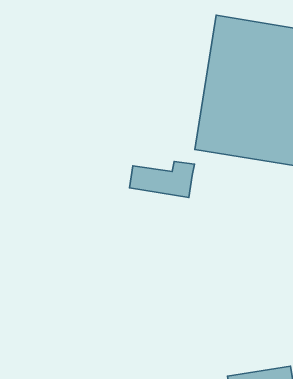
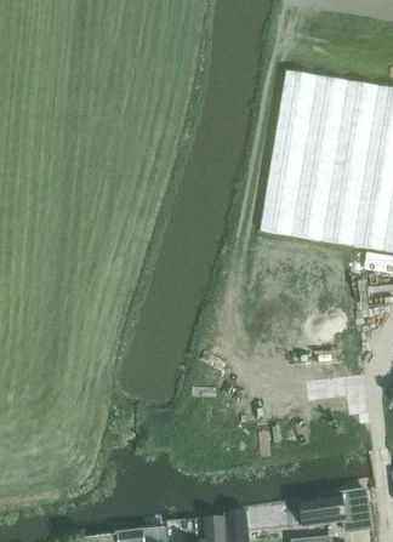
building: [129,161,194,198] -> none

